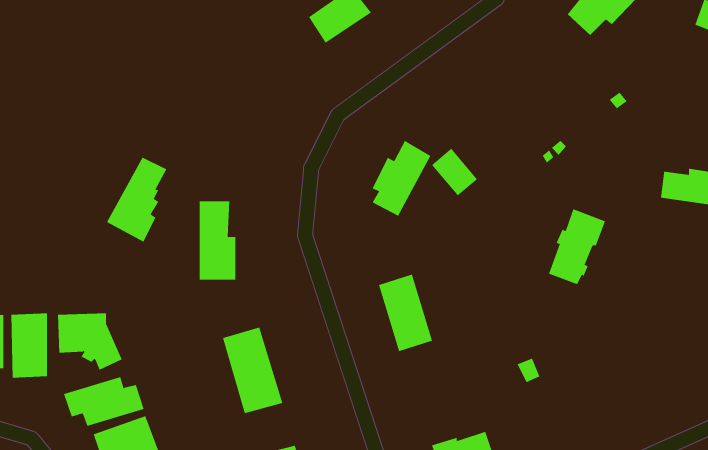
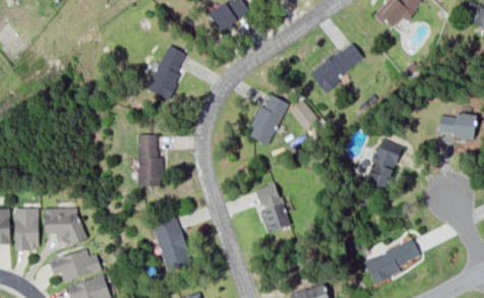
building: none -> [310,42,363,93]
building: [106,157,167,242] -> [145,46,185,102]
building: none -> [364,238,420,285]

